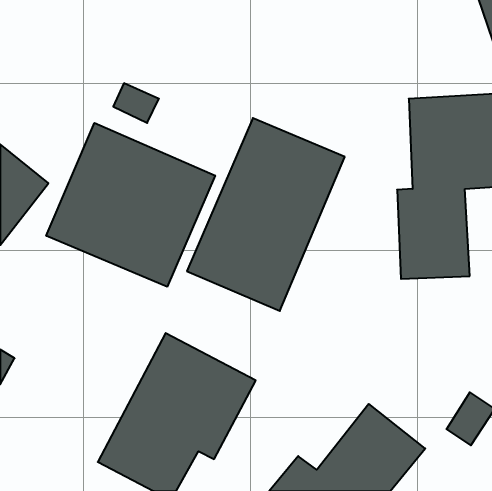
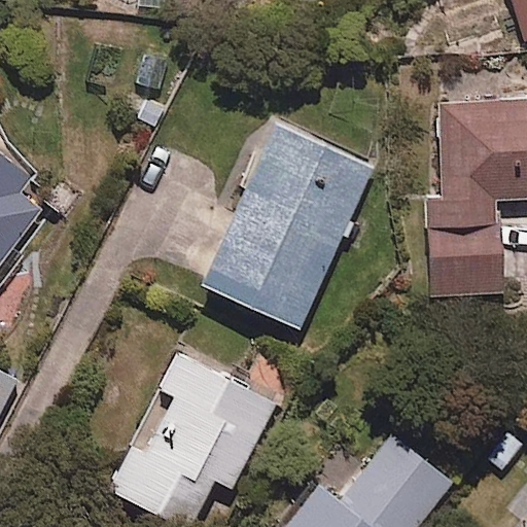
building: [46,123,215,287] -> none

